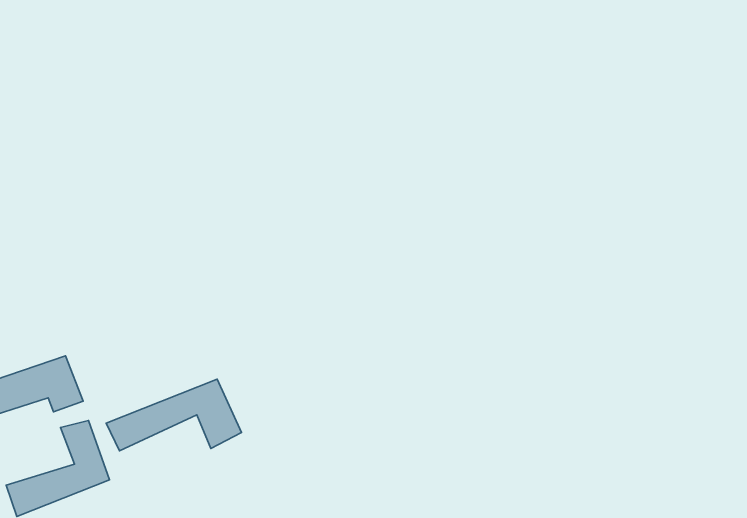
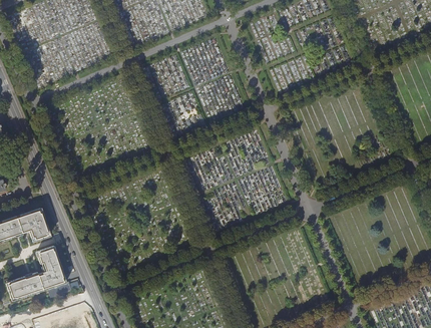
building: [106,379,241,451] -> none

